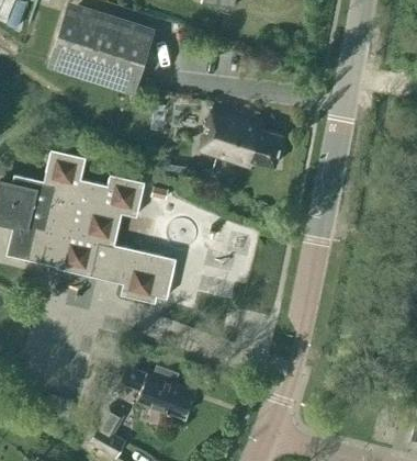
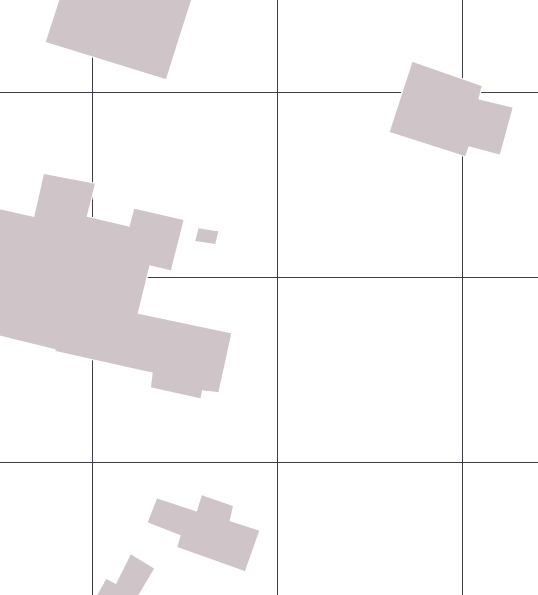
building: [199,105,282,169] -> [389,61,514,157]

